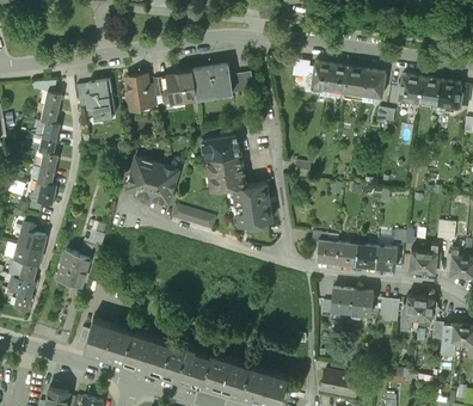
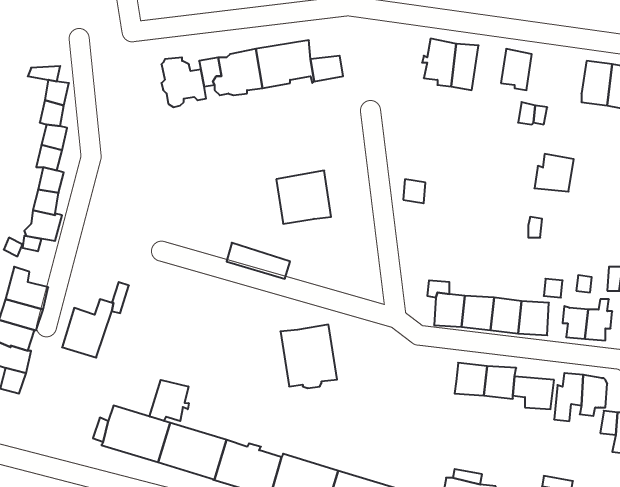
building: [343,68,367,102] -> none
building: [395,75,423,102] -> [534,154,574,192]
building: [76,80,116,121] -> none
building: [204,135,240,161] -> none
building: [127,158,179,202] -> none
building: [233,184,272,228] -> [280,325,337,388]
building: none -> [150,380,189,421]

